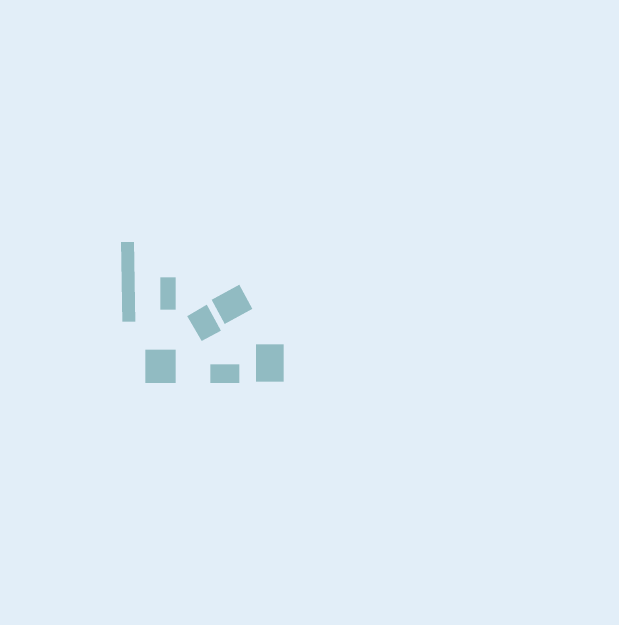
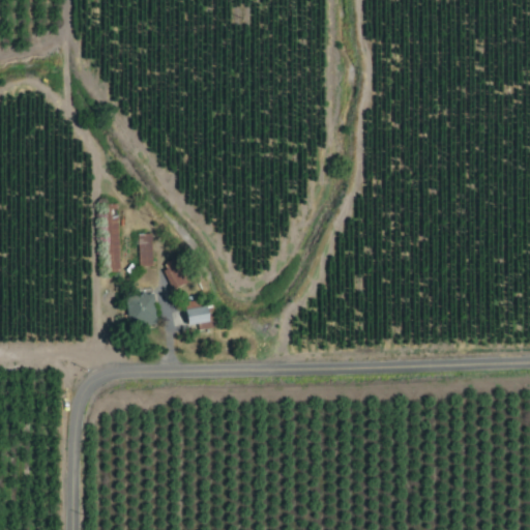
building: [211,284,253,325] -> none
building: [255,343,284,383] -> none

